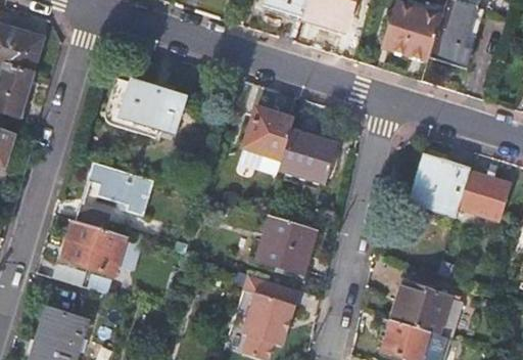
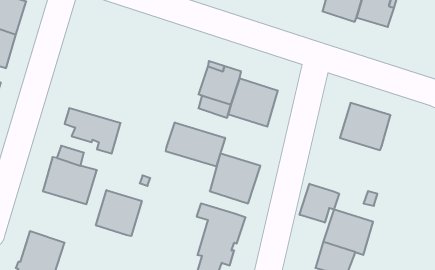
building: [105,71,184,138] -> none
building: [459,171,511,219] -> none
building: none -> [166,122,225,167]
building: none -> [300,184,339,223]
building: none -> [96,190,142,236]

